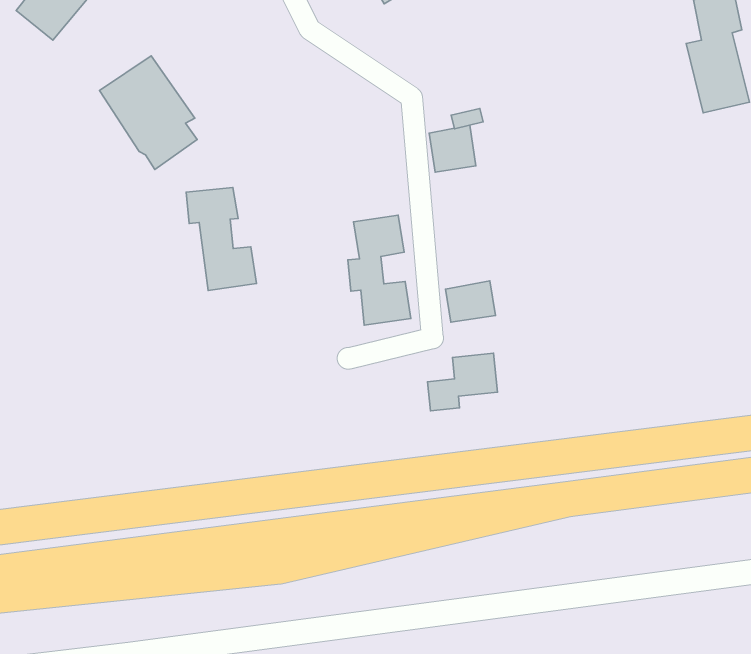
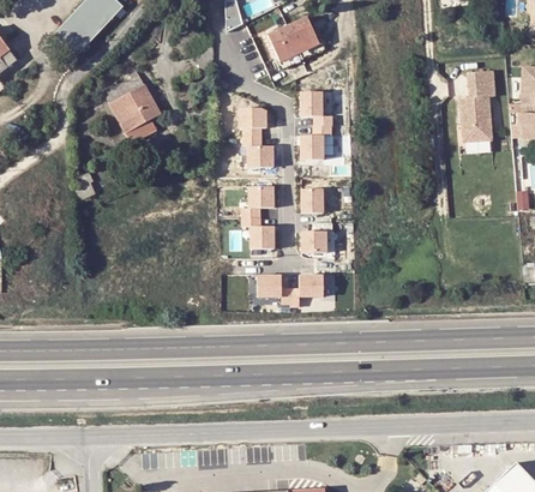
building: none -> [299,92,323,116]
building: [186,187,257,291] -> [238,108,275,169]
building: none -> [300,188,324,214]
building: none -> [256,275,282,298]

